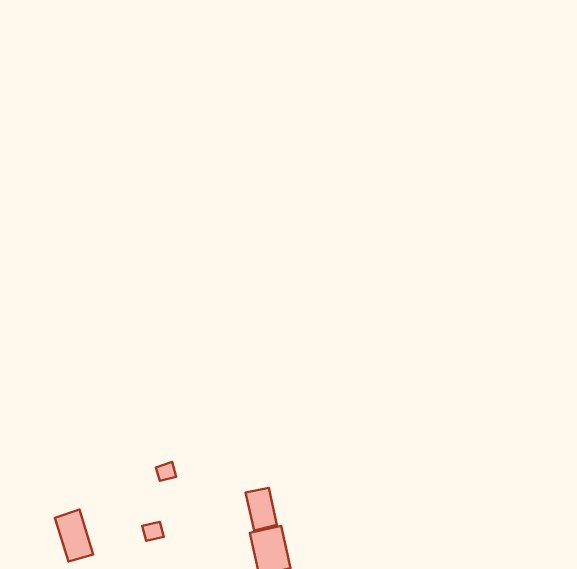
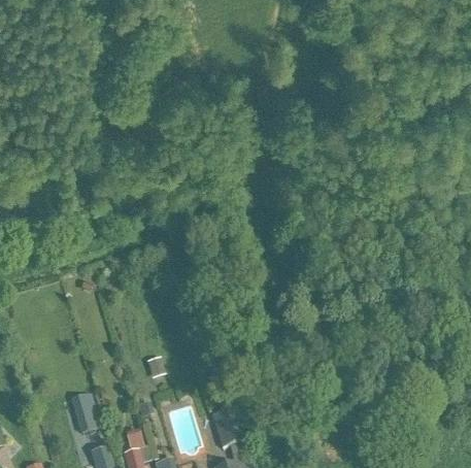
building: [246,488,277,530] -> none

